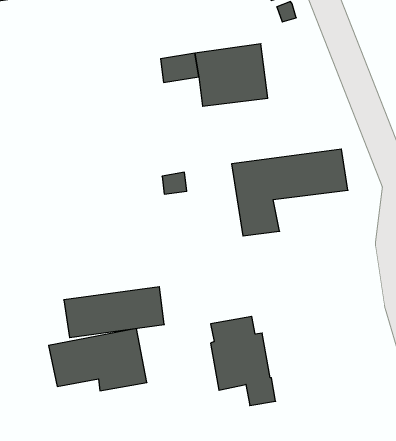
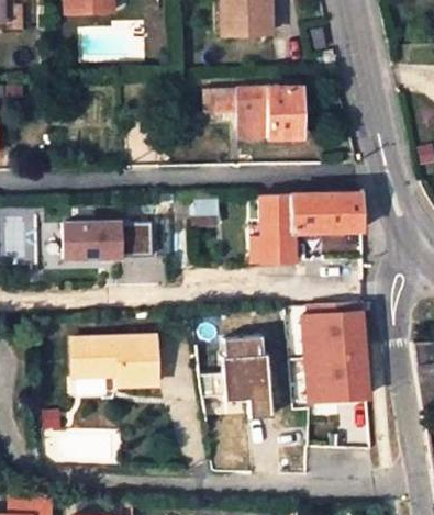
building: none -> [300,313,367,400]
building: [64,287,164,338] -> [63,222,152,258]

